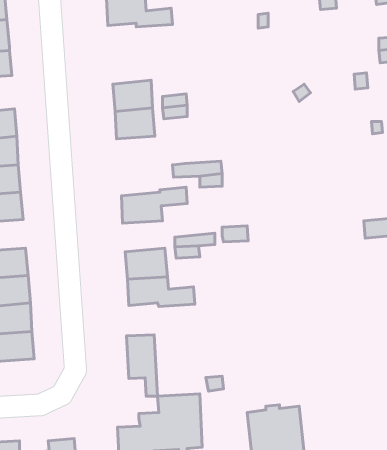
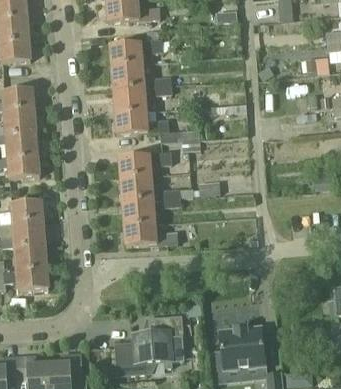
building: none -> [110,39,163,68]
building: none -> [115,110,170,134]
building: none -> [120,178,154,203]
building: [126,335,157,396] -> none

